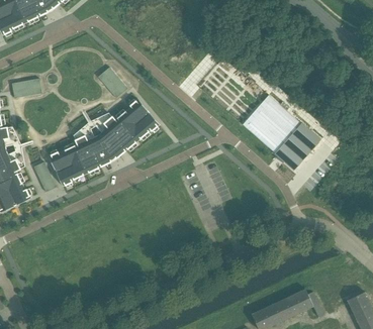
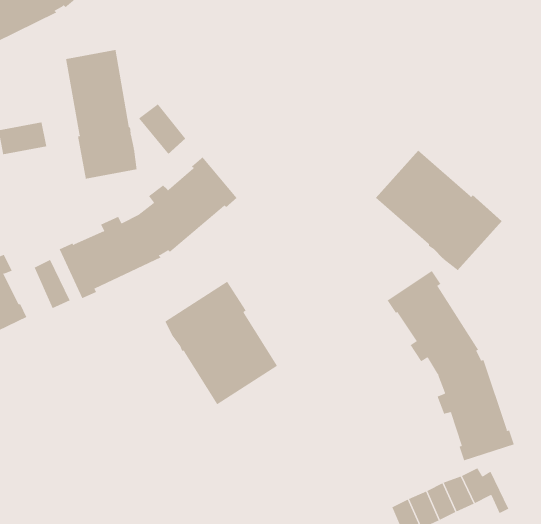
building: none -> [66,49,137,180]
building: none -> [387,270,515,461]
building: none -> [164,281,278,405]

